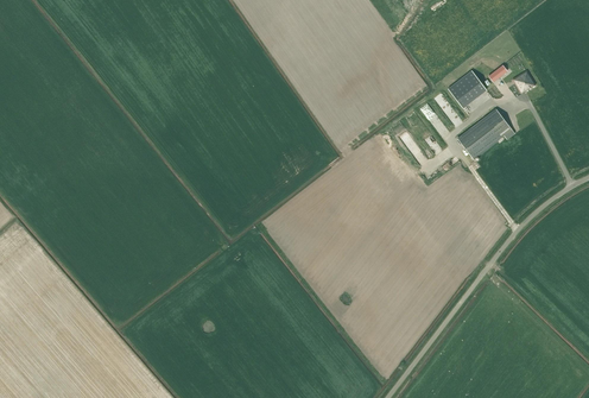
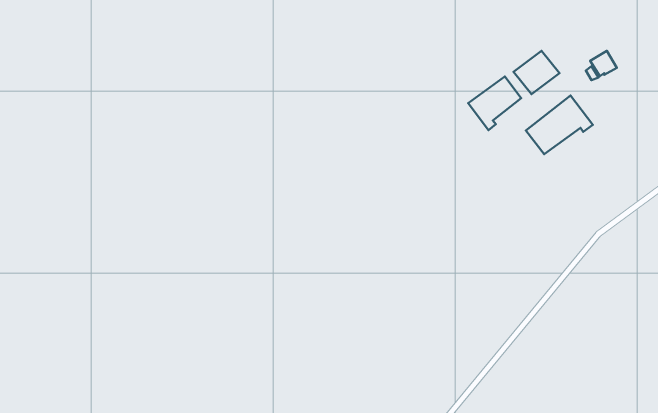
building: none -> [468,76,521,130]

